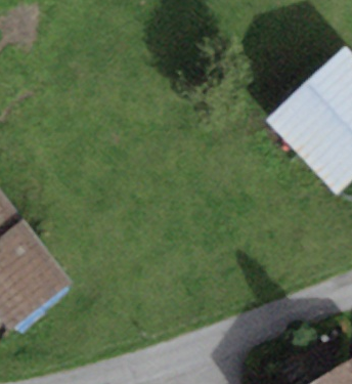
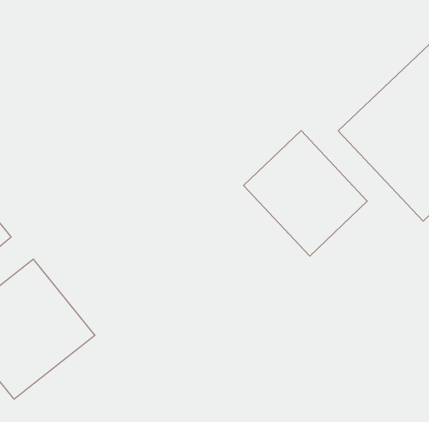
building: none -> [244,131,367,256]

